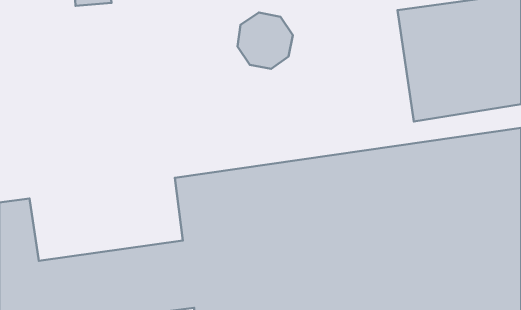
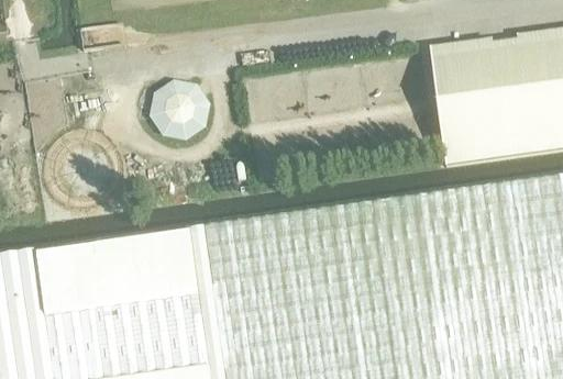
building: [237,13,293,69] -> [151,80,210,141]
building: none -> [33,228,198,317]

